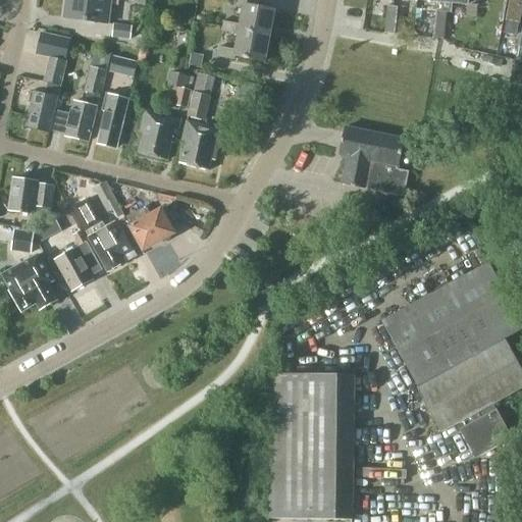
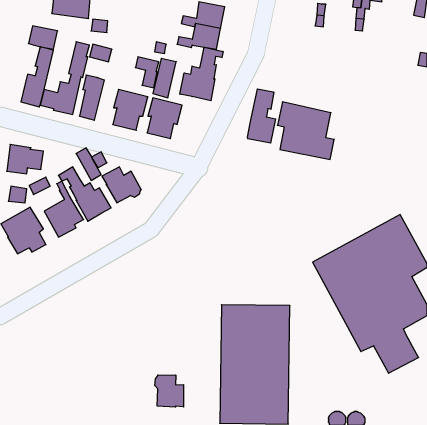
building: none -> [180,47,223,101]
building: none -> [247,89,276,143]
building: none -> [155,375,184,407]

